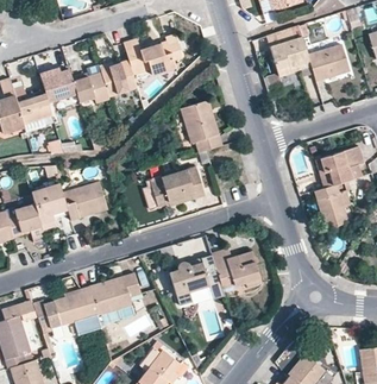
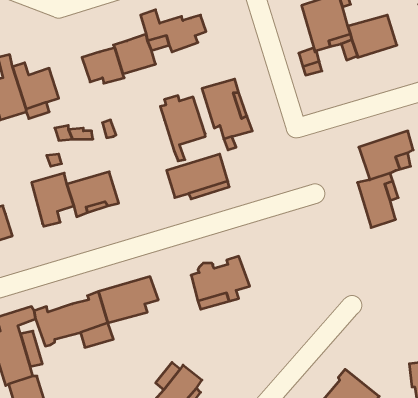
building: [43,69,82,126] -> [160,96,205,161]
building: [8,203,45,241] -> none
building: [212,248,262,288] -> none

